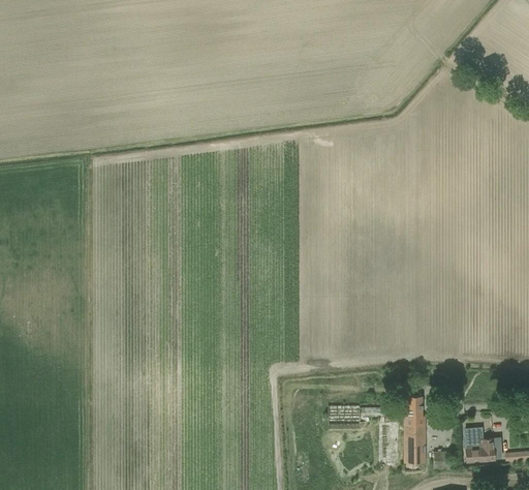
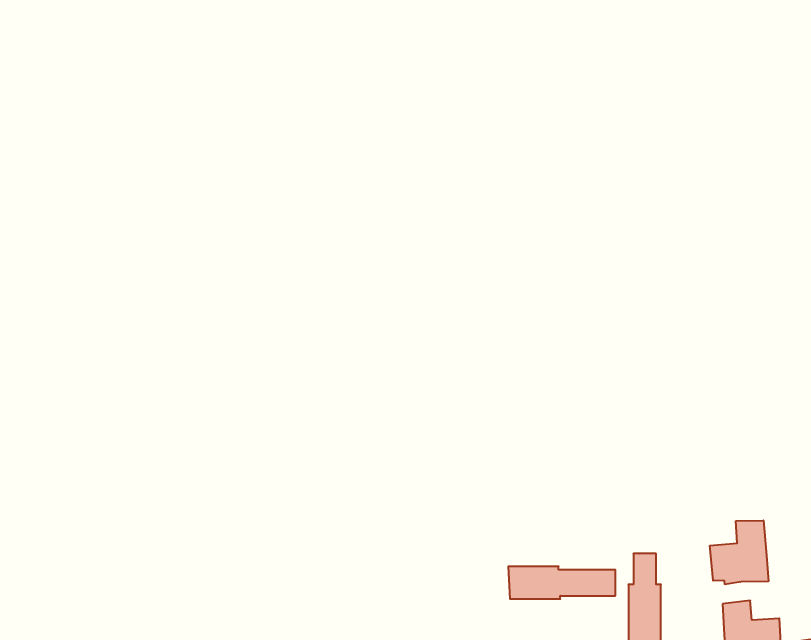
building: none -> [710,520,768,584]

